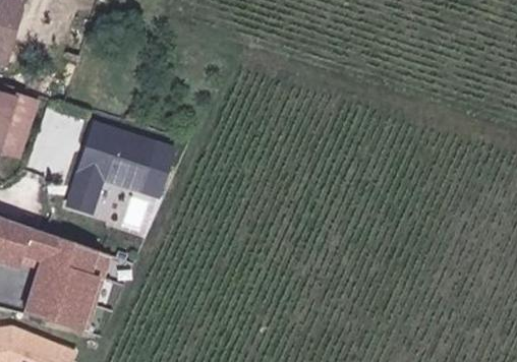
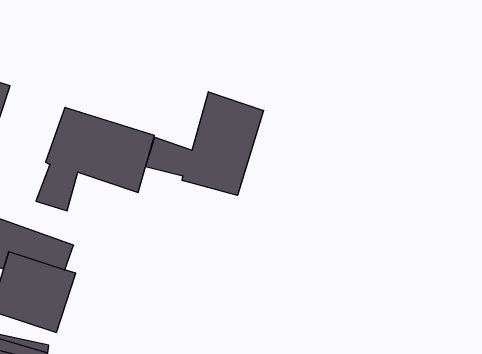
building: none -> [145,92,264,195]

